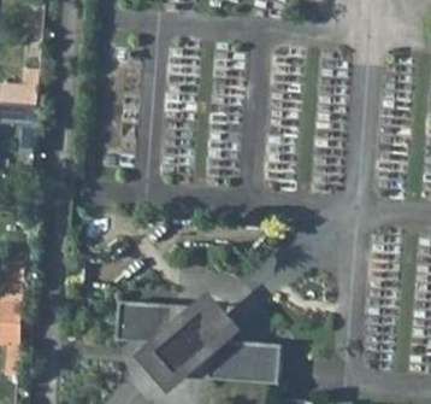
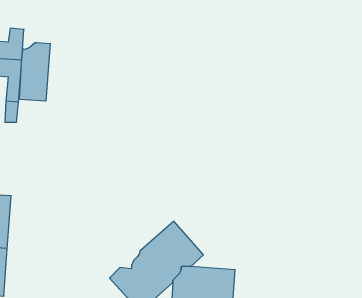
building: none -> [19,42,50,101]
building: [114,304,170,345] -> none

